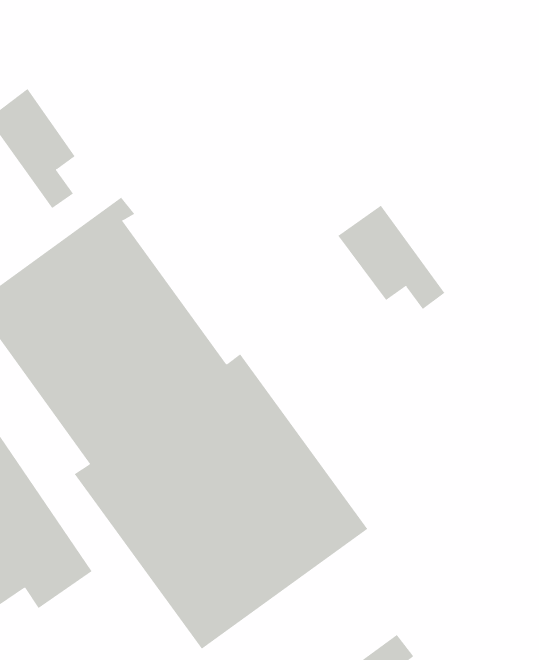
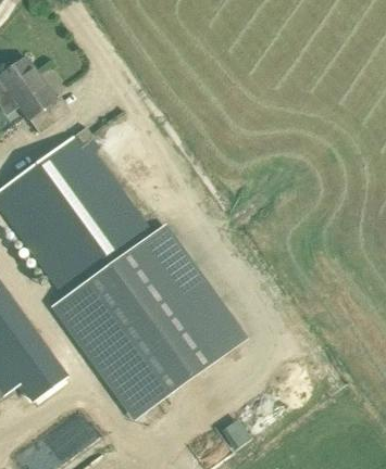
building: [337,205,445,310] -> none

